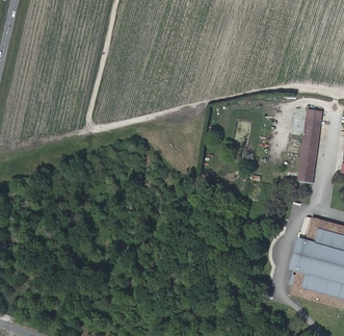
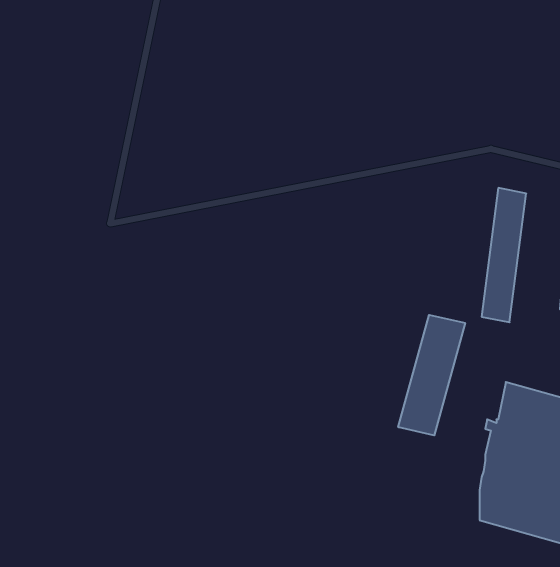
building: none -> [398,315,465,435]

